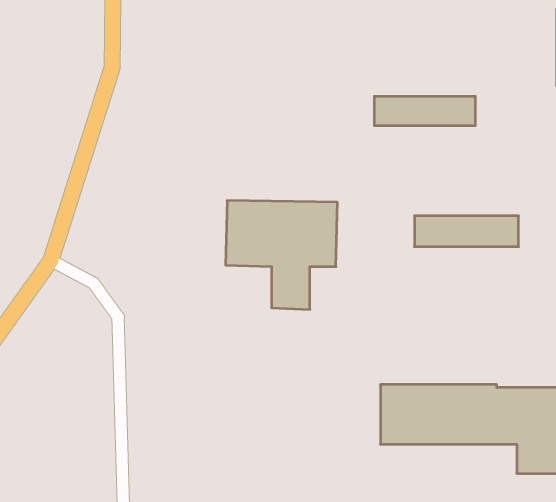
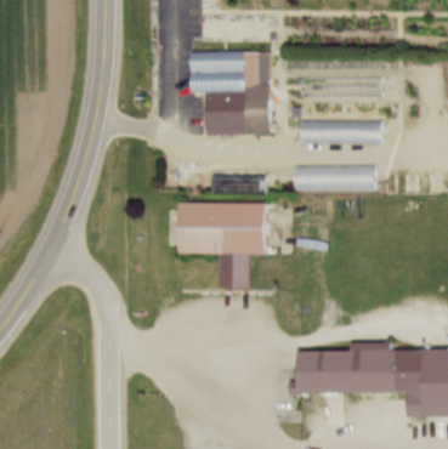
building: none -> [185,50,268,135]
building: [414,216,519,247] -> [290,164,373,188]

